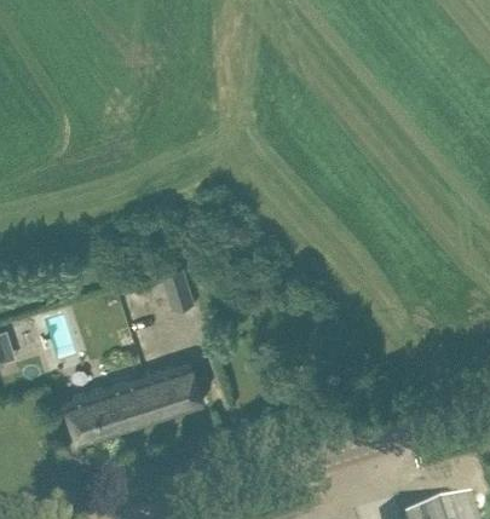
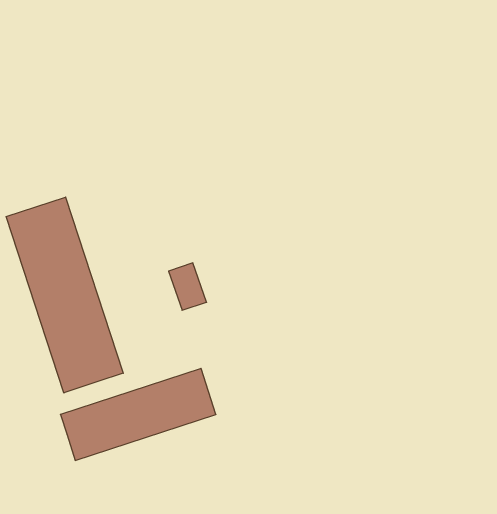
building: none -> [6,197,123,393]

